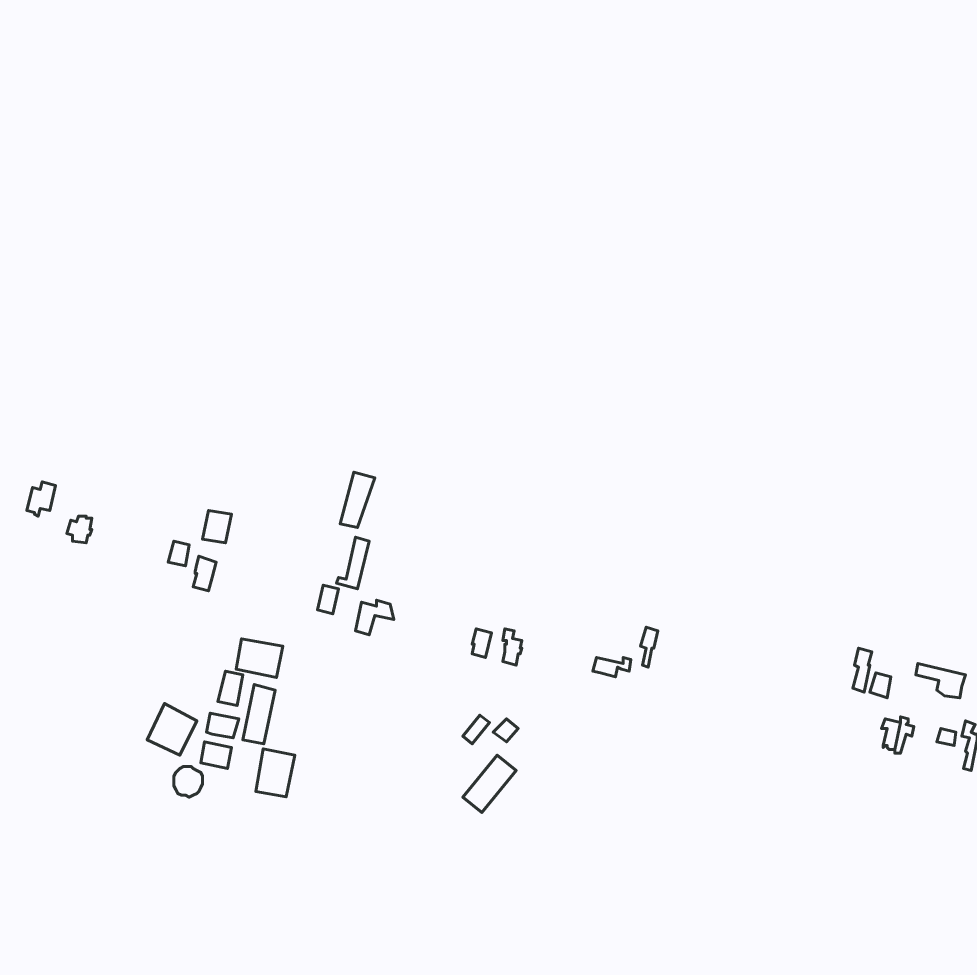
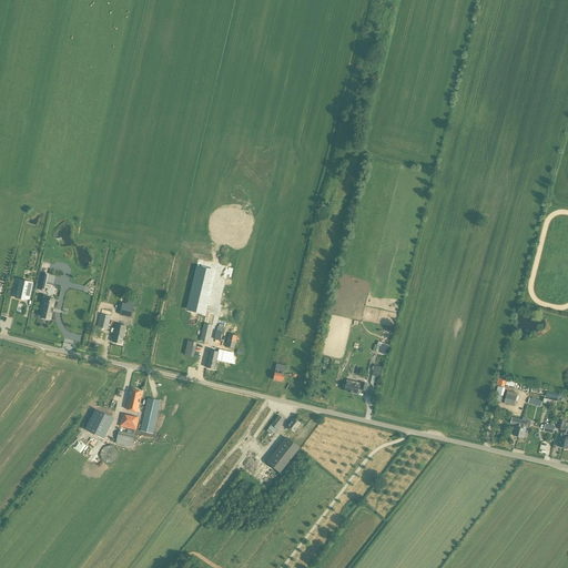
building: [236,639,283,678] -> none
building: [256,749,295,797] -> none

